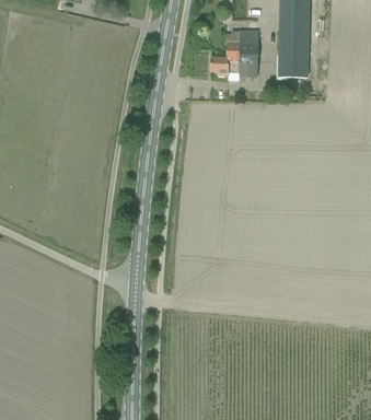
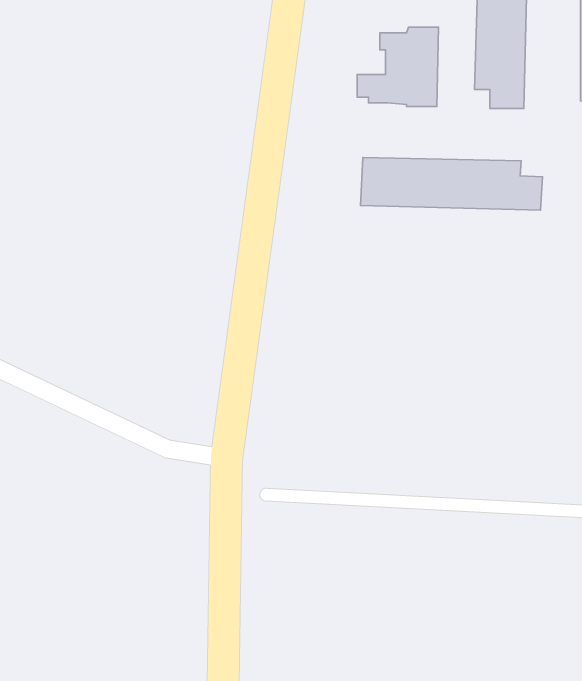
building: none -> [360,157,542,210]

